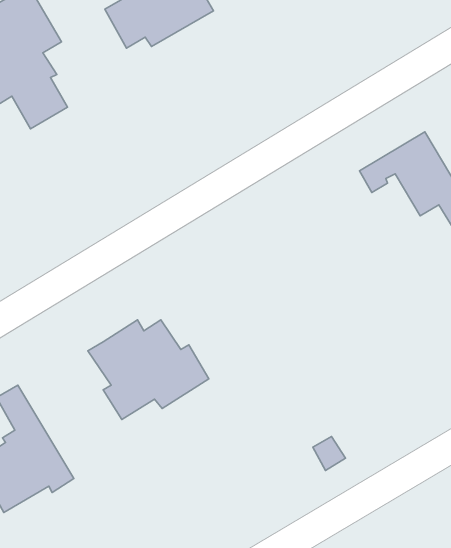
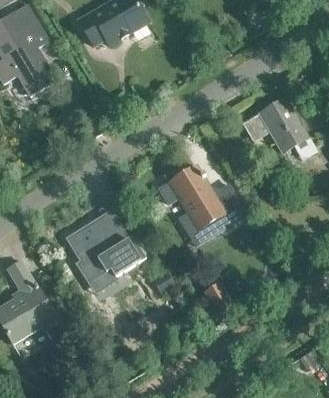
building: none -> [159,166,248,235]

